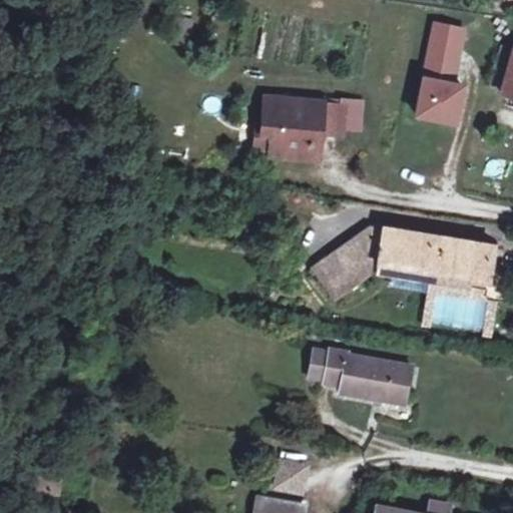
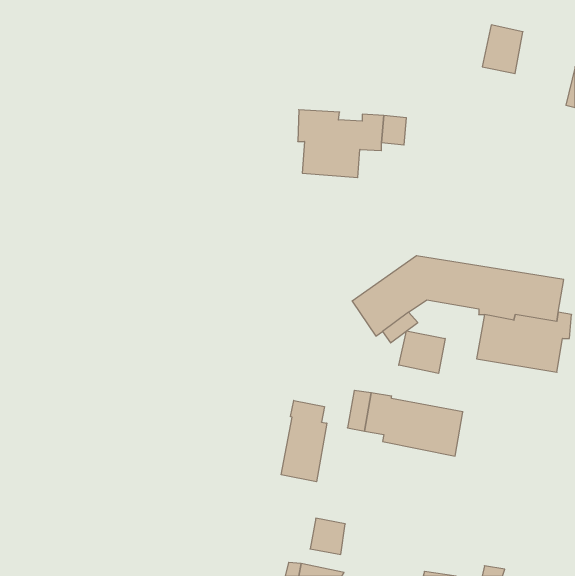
building: [416,59,462,122] -> none
building: none -> [399,331,445,373]
building: none -> [281,400,327,482]

